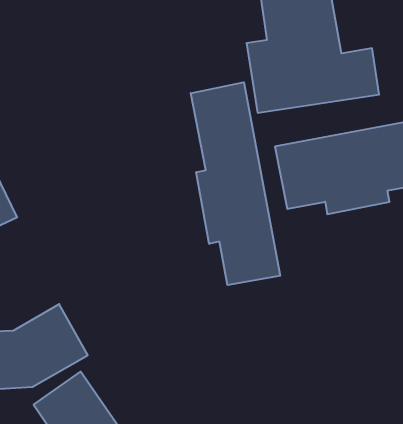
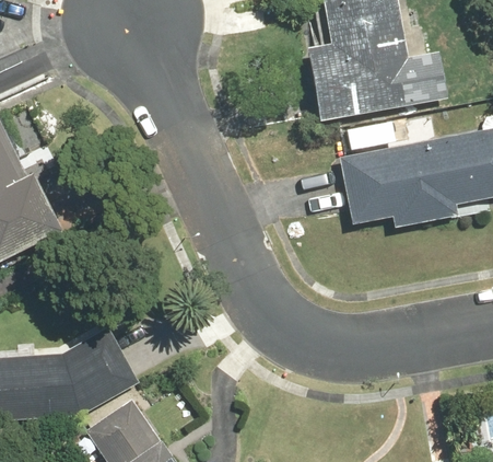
building: [191,82,280,285] -> none

